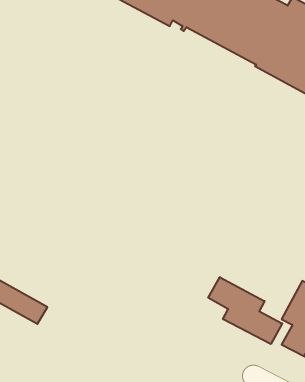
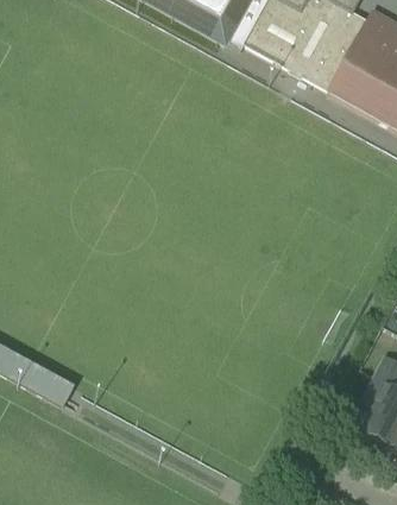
building: [208,277,282,344] -> none

